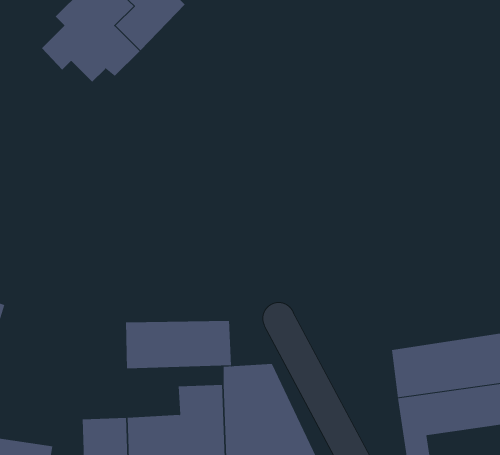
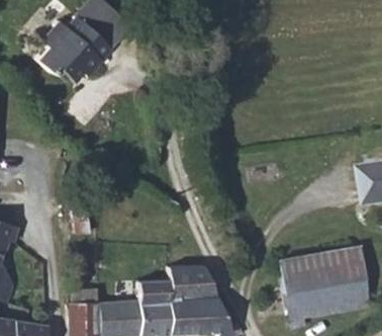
building: [126,320,232,369] -> none

